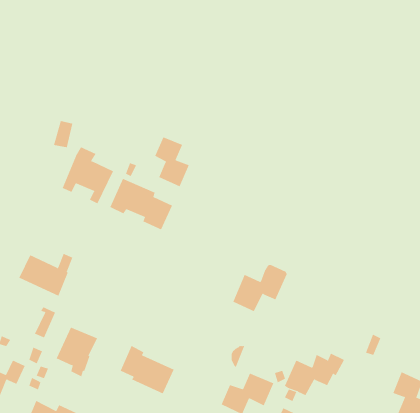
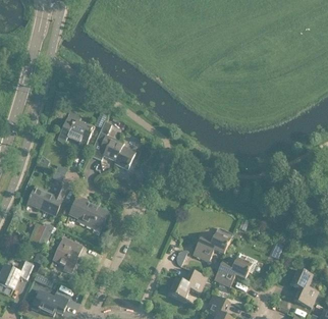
building: [155,137,190,187] -> none
building: [233,264,288,312] -> [193,228,231,262]
building: [120,345,175,394] -> [69,196,108,230]

